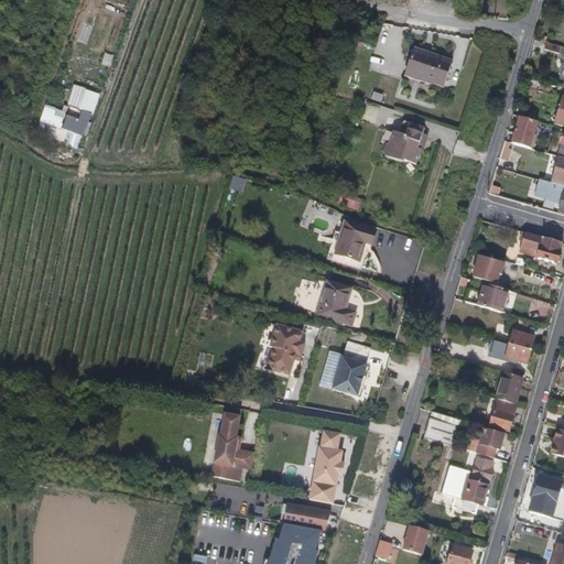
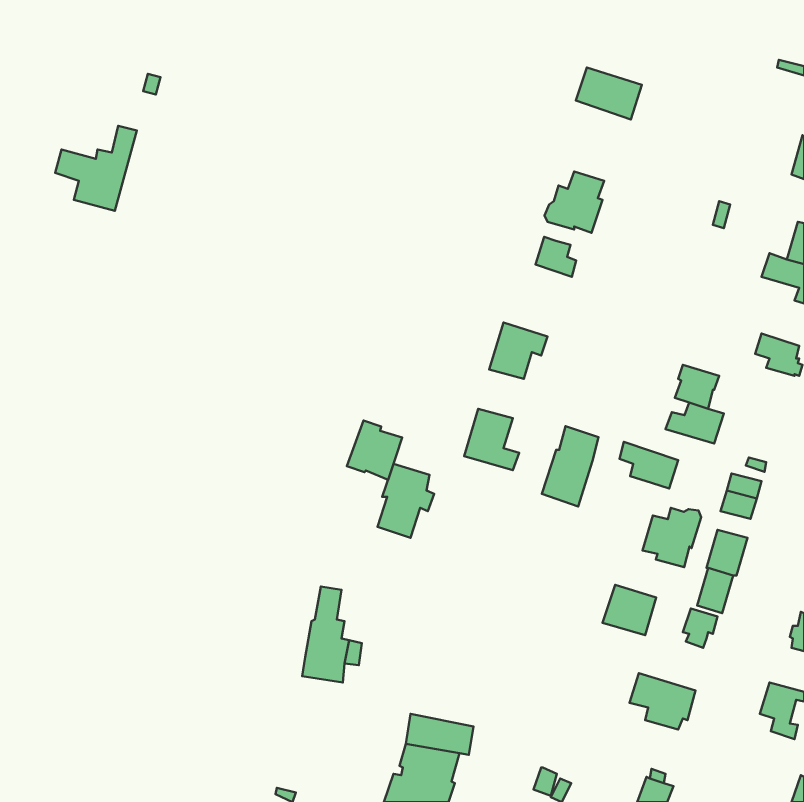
building: [512,115,536,147] -> none
building: none -> [535,237,576,277]
building: none -> [347,421,402,480]
building: none -> [619,442,678,489]
building: [330,344,370,400] -> [542,426,599,506]
building: none -> [643,508,701,567]
building: [306,434,345,499] -> none
building: [447,457,491,484] -> none
building: [402,524,427,554] -> none

